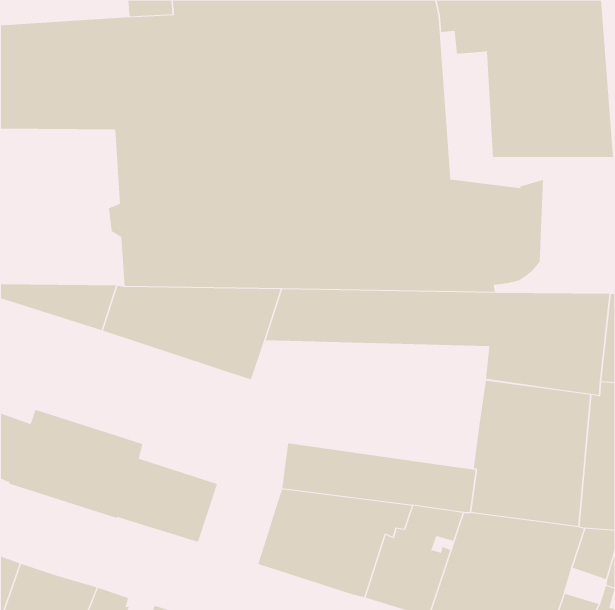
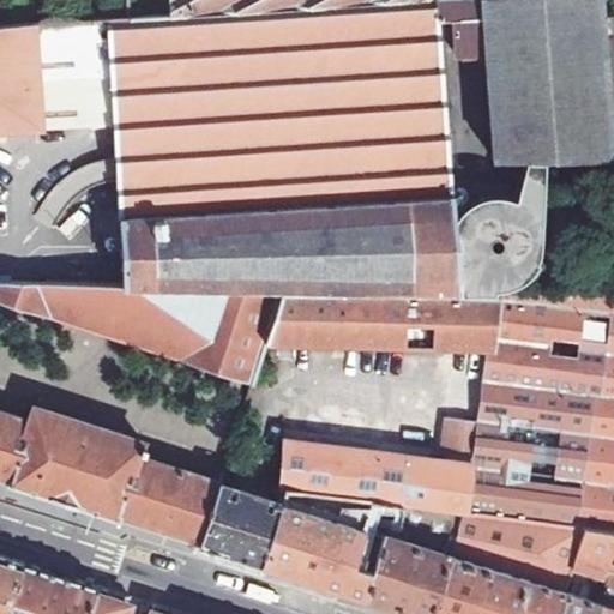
building: none -> [438,421,477,472]
building: none -> [197,487,276,567]

